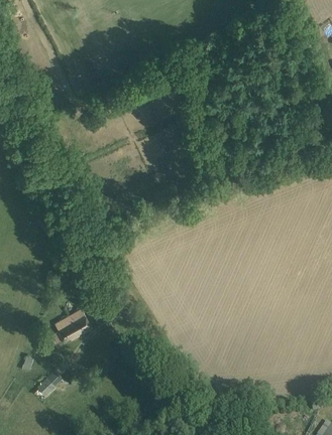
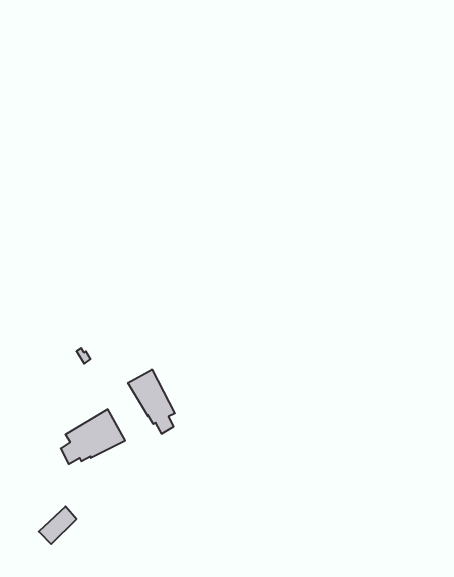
building: none -> [128,369,175,434]

